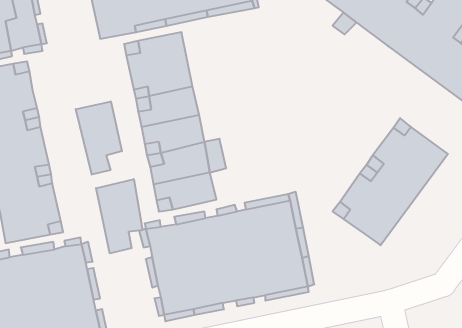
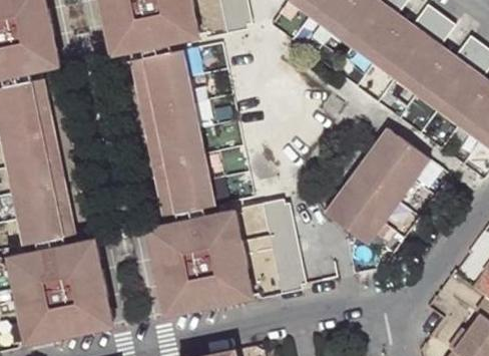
building: [76,101,122,175] -> none
building: [96,179,142,253] -> none

